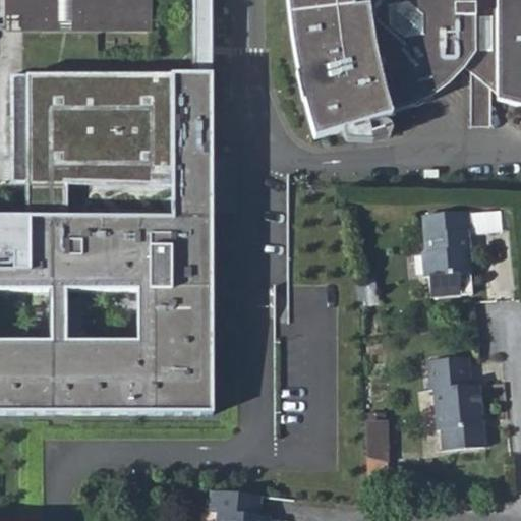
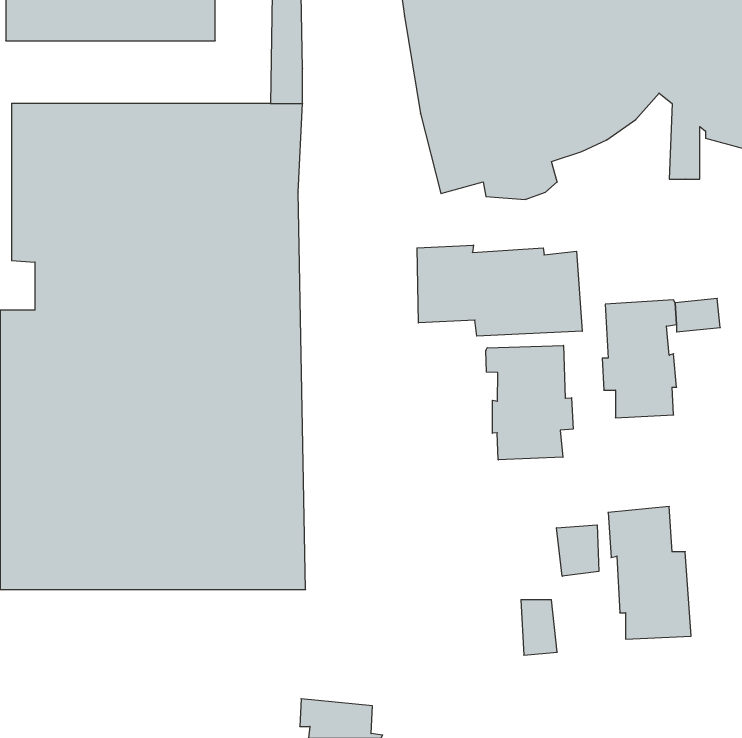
building: none -> [417,245,582,336]
building: none -> [486,345,573,460]
building: none -> [557,525,599,576]

